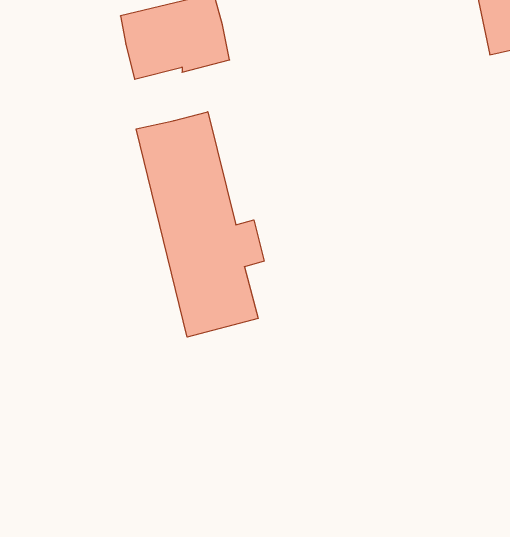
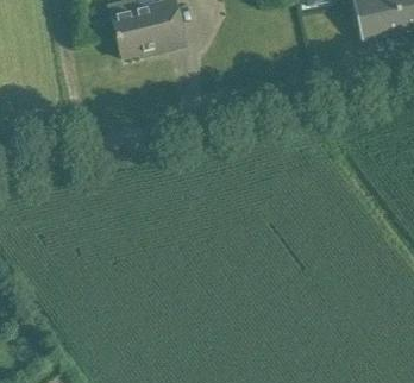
building: [136,112,264,337] -> none

